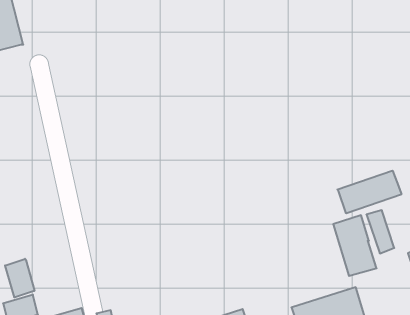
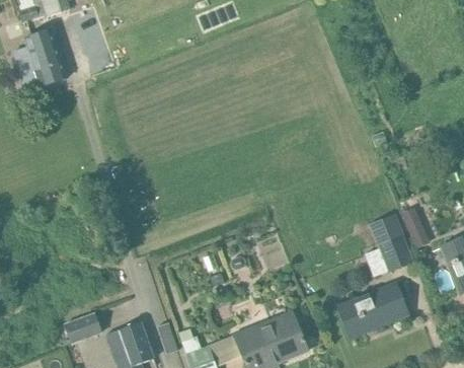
building: [337,171,401,213] -> none
building: [5,259,34,297] -> none

